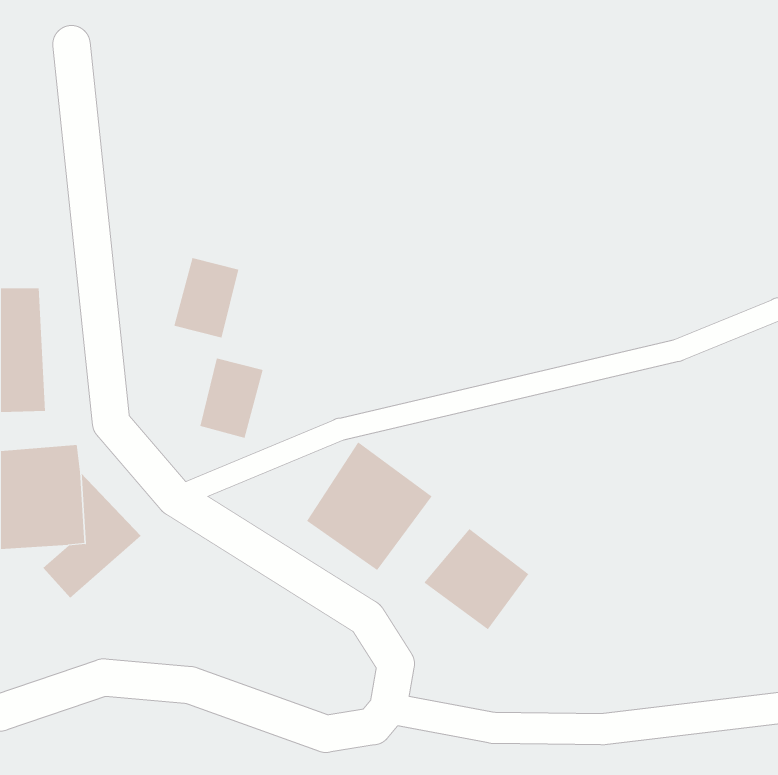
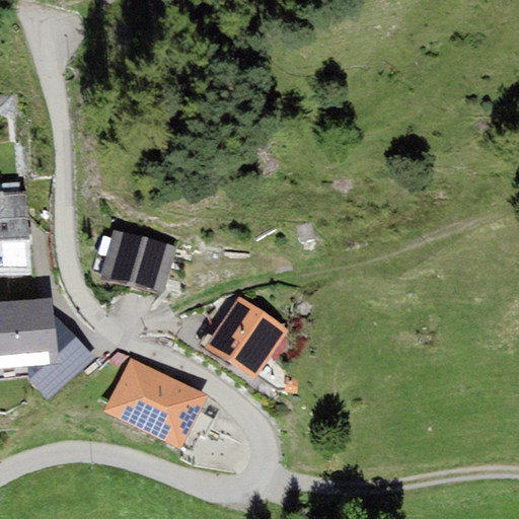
building: [174,257,239,338] -> [100,230,144,284]
building: [424,528,529,630] -> none
building: none -> [103,356,208,448]

